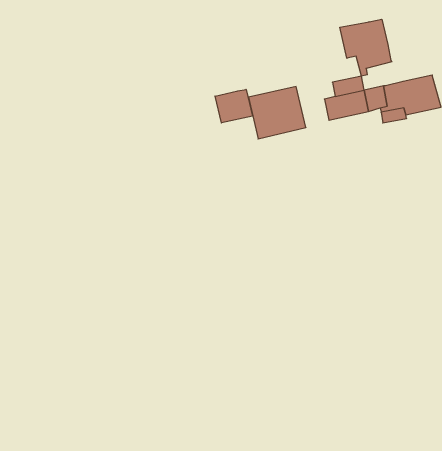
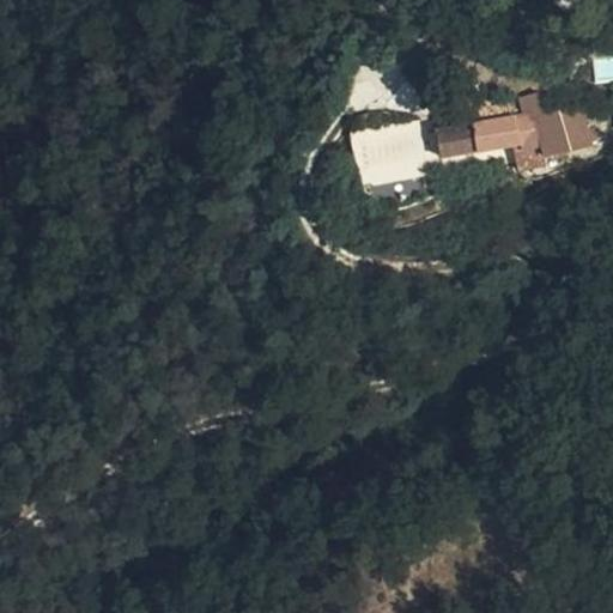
building: [340,19,392,76] -> none
building: [215,89,252,123] -> none

